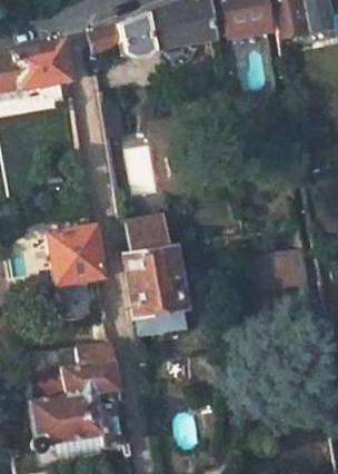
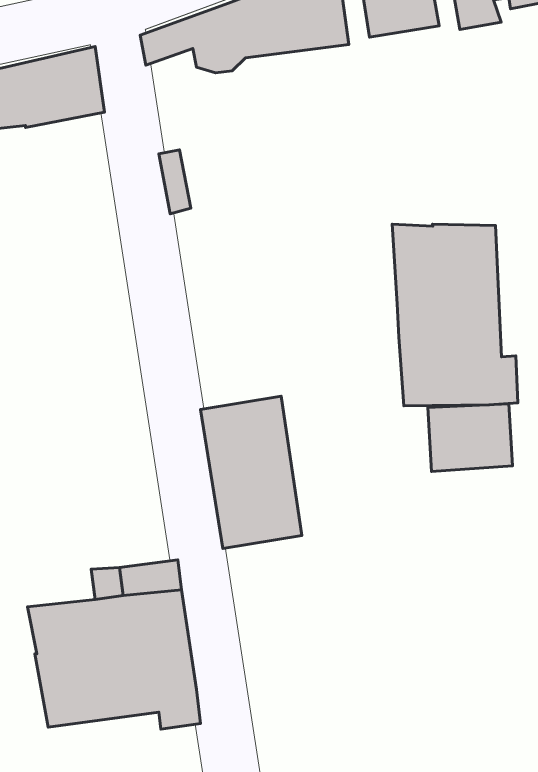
building: none -> [392,224,518,406]
building: [127,217,176,256] -> none
building: [49,228,102,302] -> none

